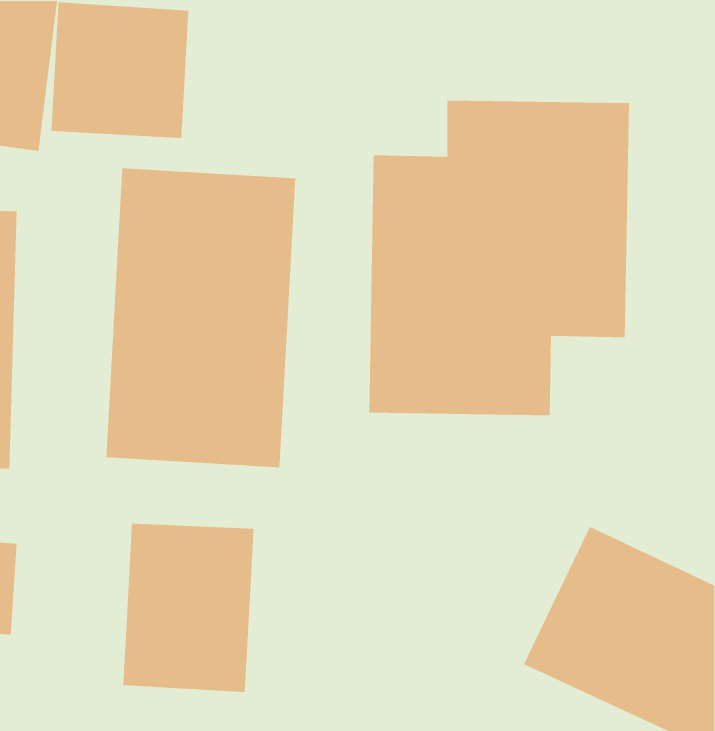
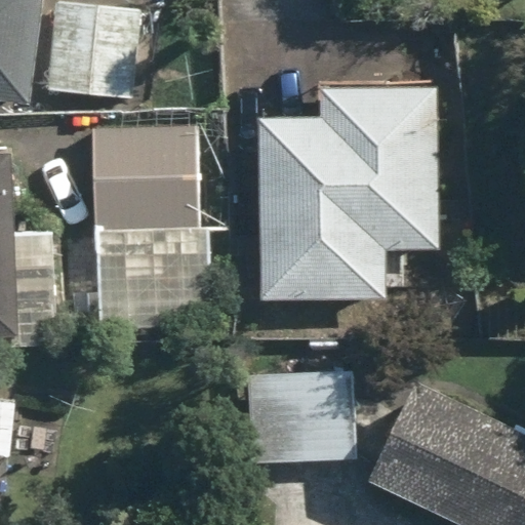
building: none -> [229,372,357,466]
building: [122,523,255,693] -> none

